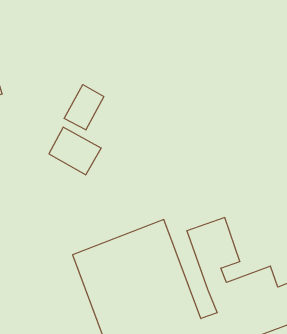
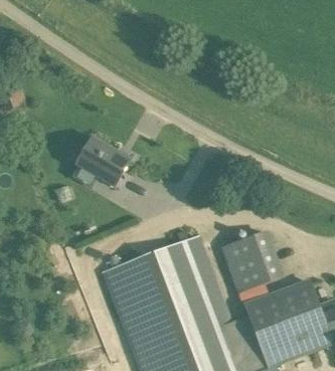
building: [64,85,104,130] -> none

